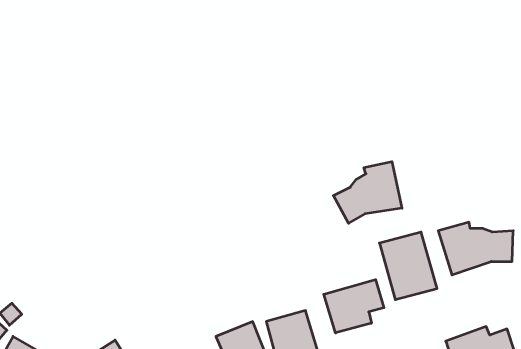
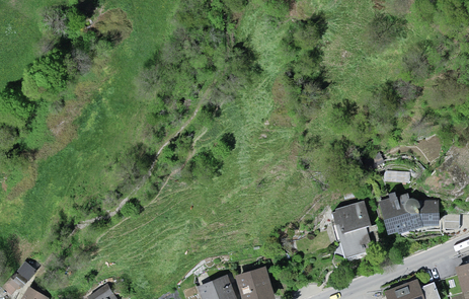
building: [333,162,402,223] -> none
building: [324,280,384,333] -> none

